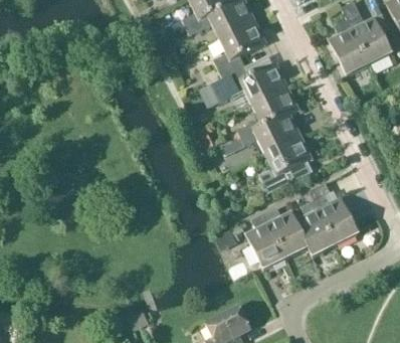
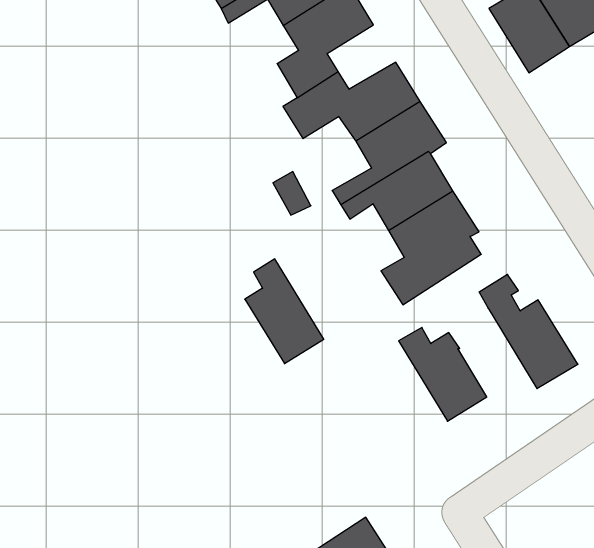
building: [295,200,336,256] -> none
building: [246,213,286,270] -> [245,259,324,364]

